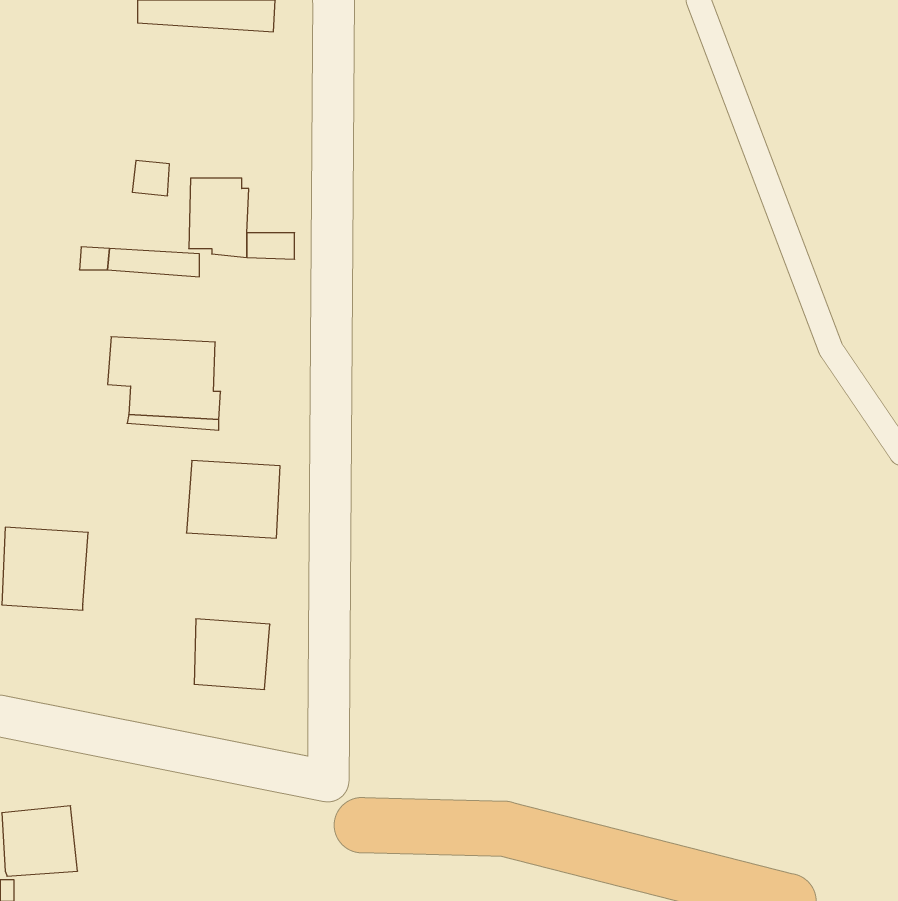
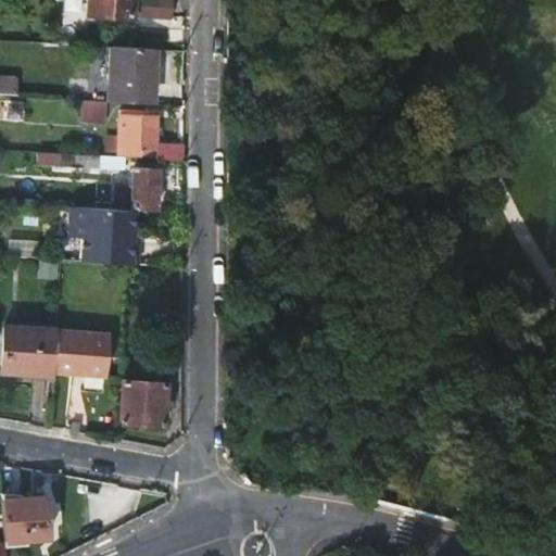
building: none -> [109,48,155,104]
building: none -> [131,167,156,208]
building: [186,461,280,538] -> [53,328,111,376]

